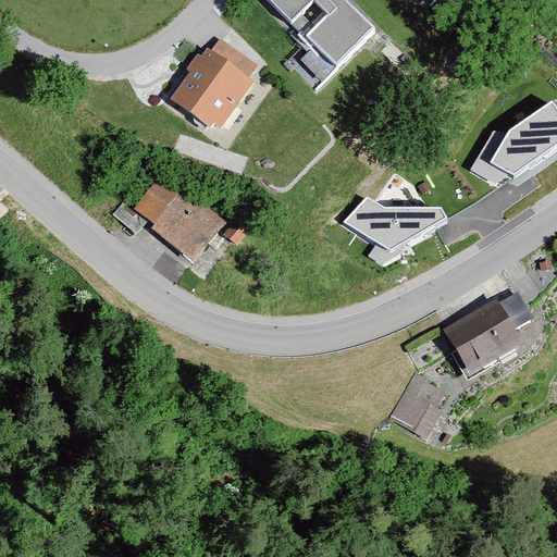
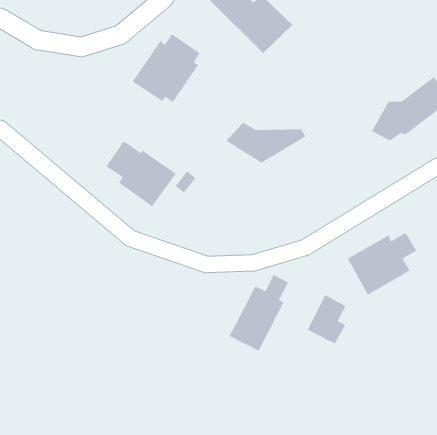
building: [346,195,448,247] -> [226,122,306,163]
building: none -> [229,274,289,351]

